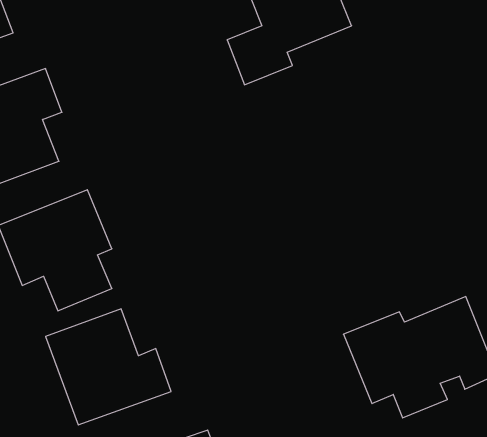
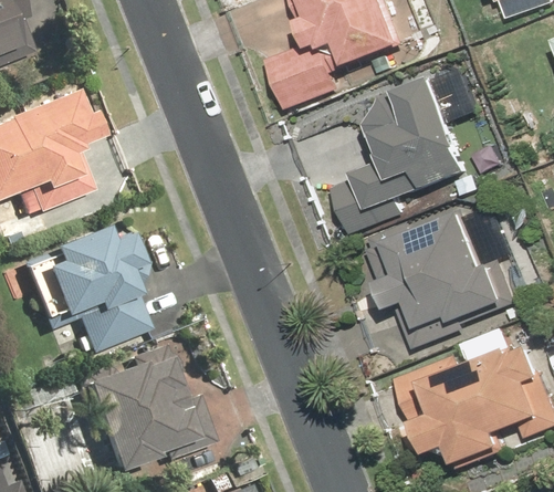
building: none -> [331,76,468,233]
building: none -> [363,201,522,350]

